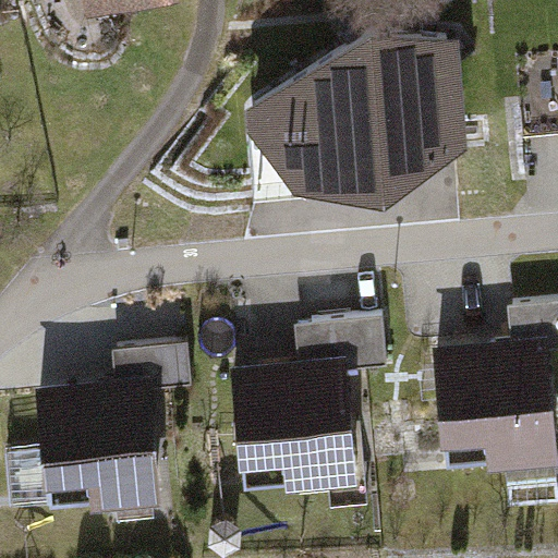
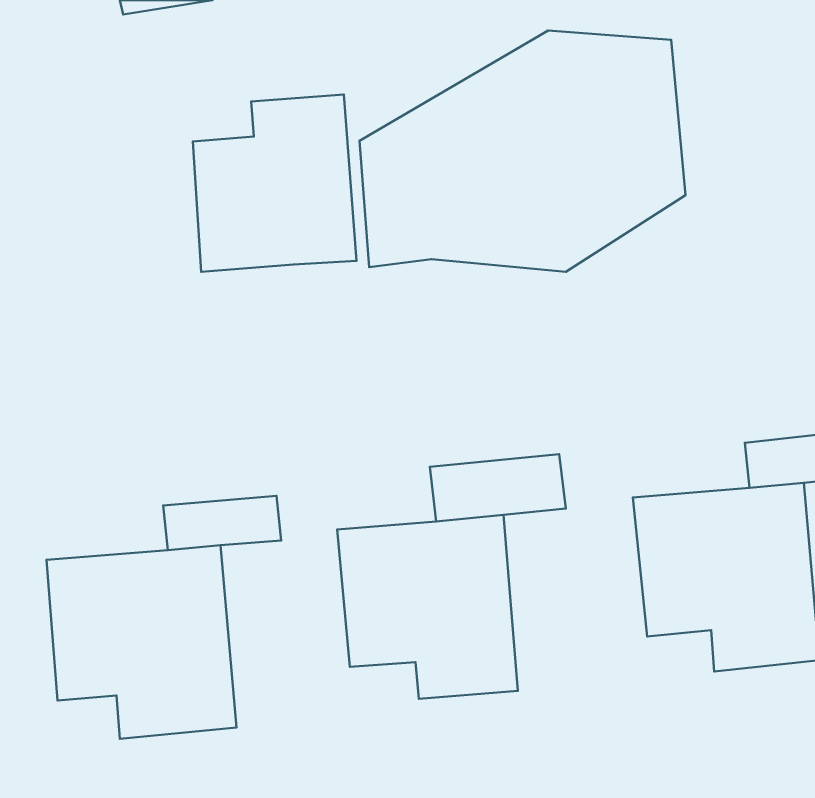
building: none -> [193,95,356,272]

